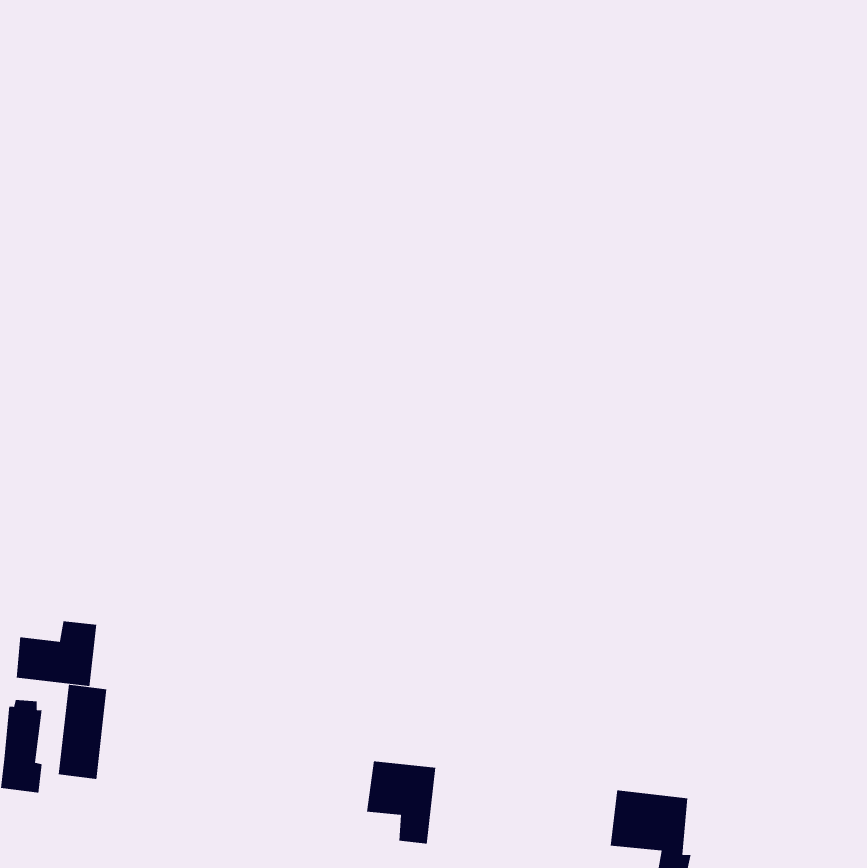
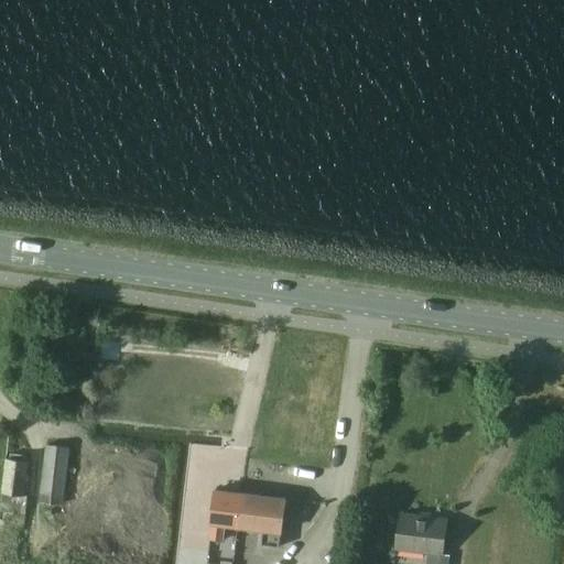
building: [16,621,97,687] -> none
building: none -> [208,490,241,541]

